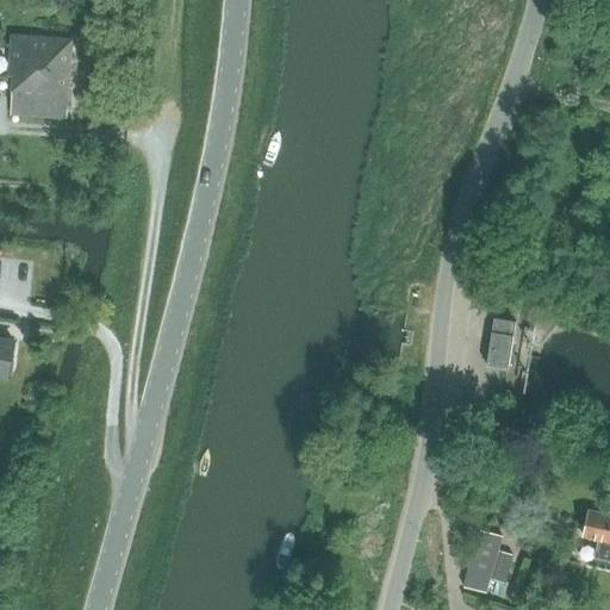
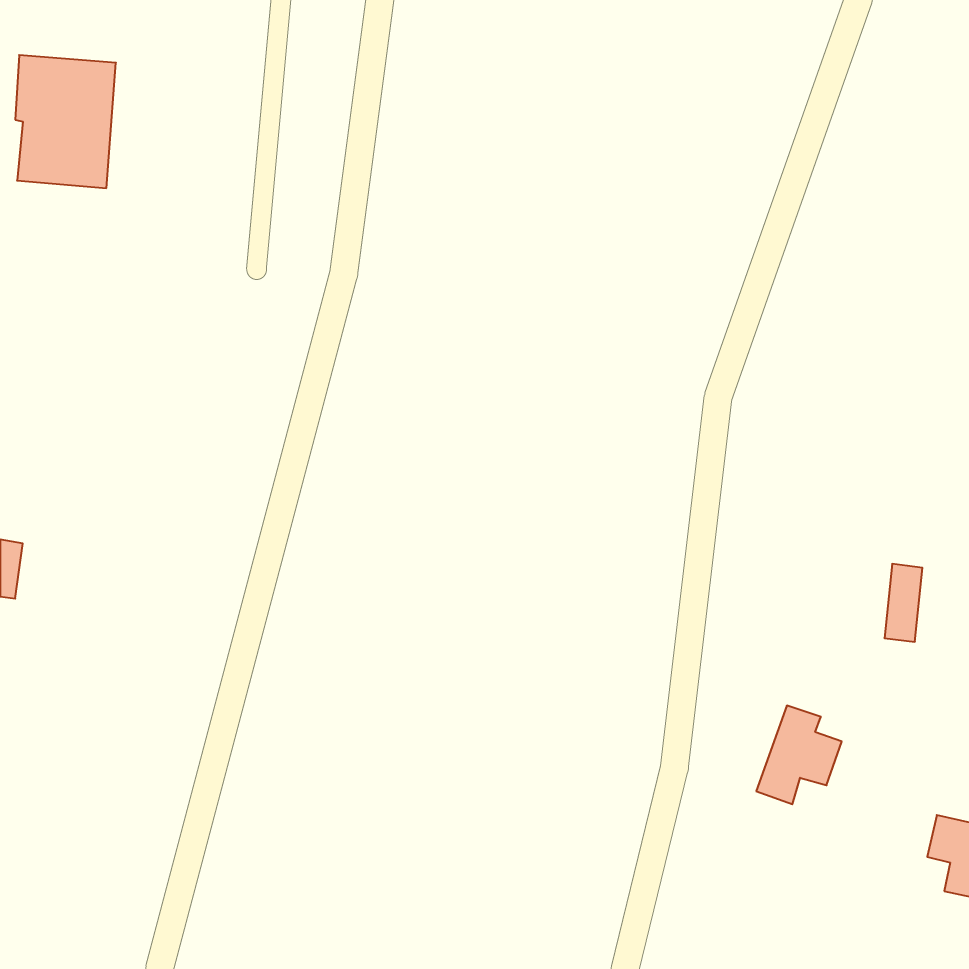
building: [487,319,511,368] -> [884,564,922,642]
building: [461,531,515,593] -> [756,706,842,804]

